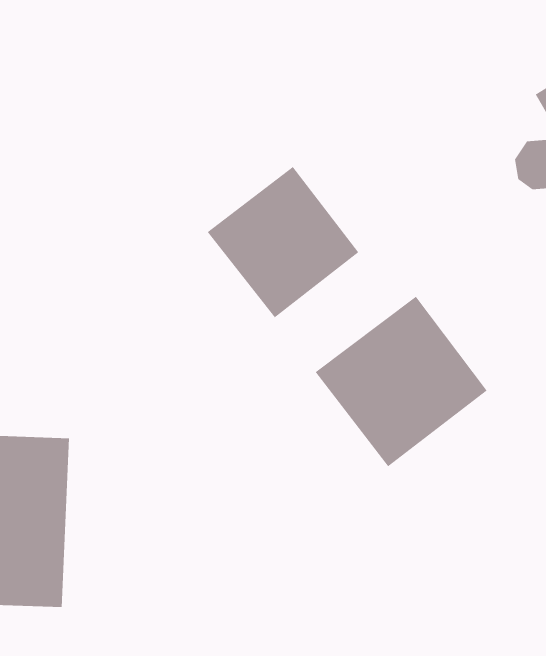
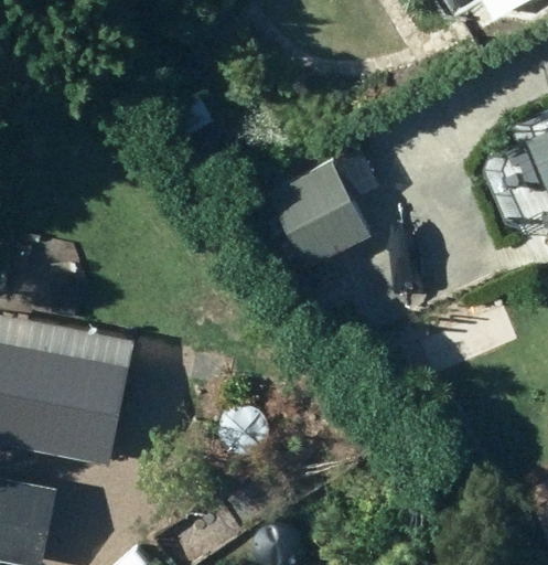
building: [315,296,488,467] -> none

